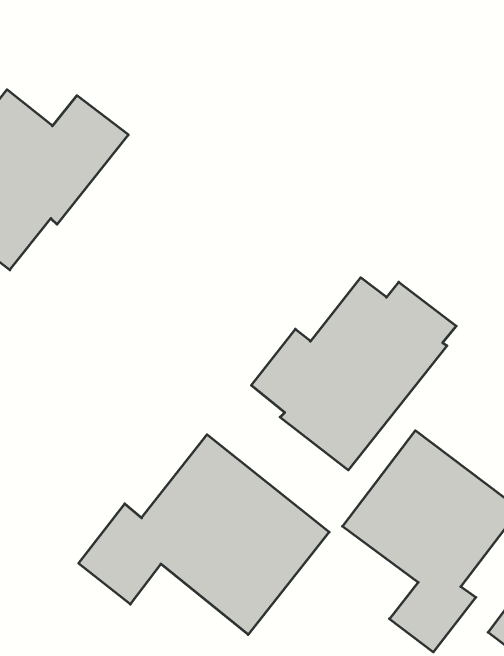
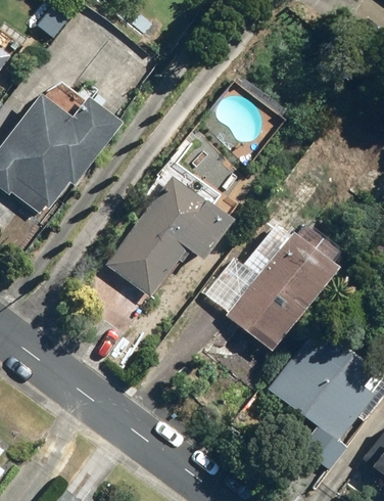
building: none -> [105,177,235,328]
building: [79,435,329,635] -> none

